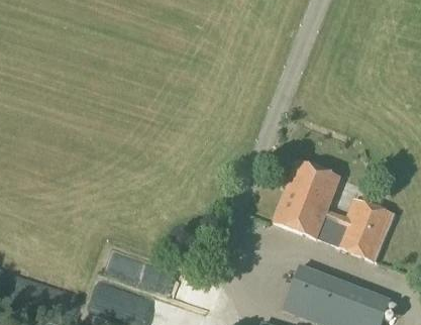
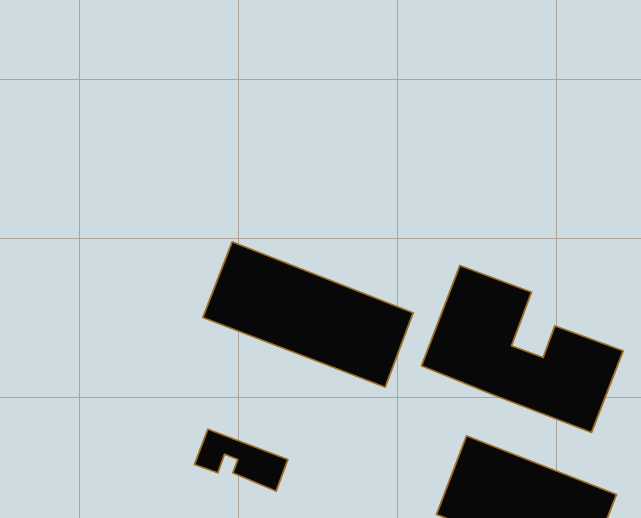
building: none -> [203,242,413,387]

